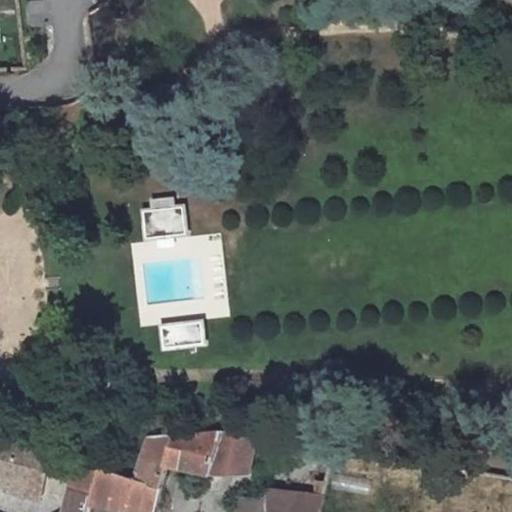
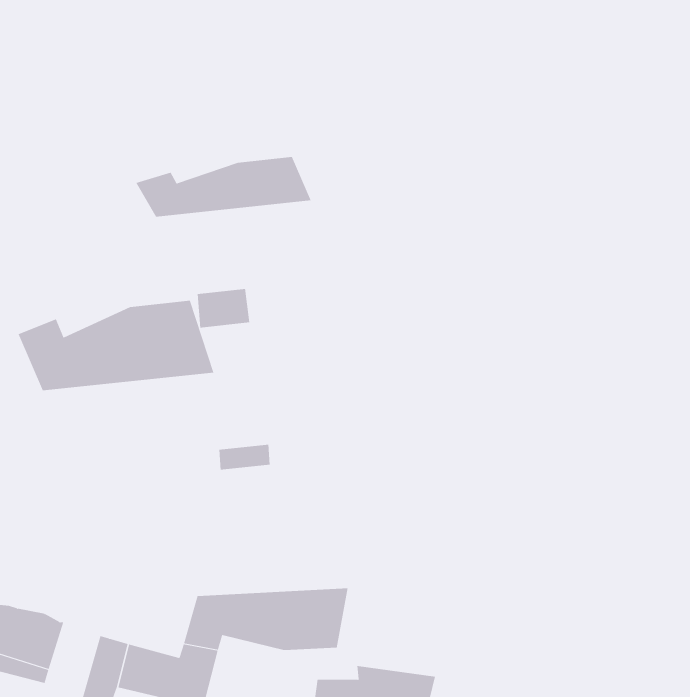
building: none -> [135,156,312,217]
building: none -> [18,300,214,391]

